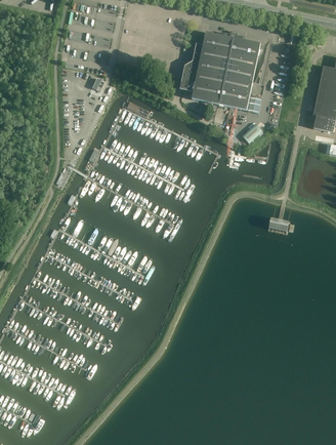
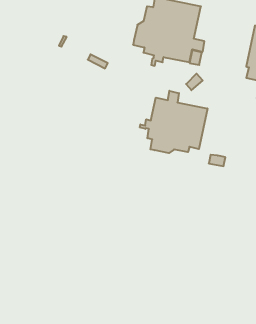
building: none -> [140,91,207,153]

